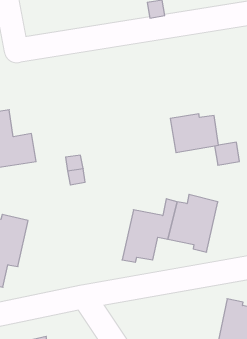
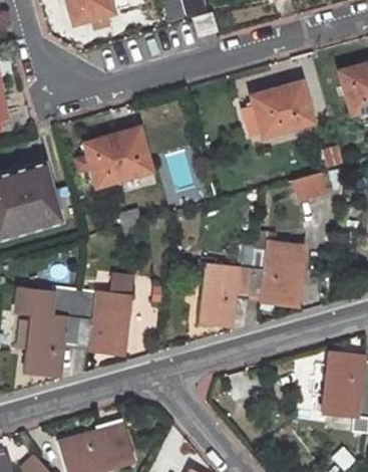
building: none -> [85,133,150,186]
building: [170,114,219,153] -> [252,86,312,135]
building: none -> [77,289,129,355]

